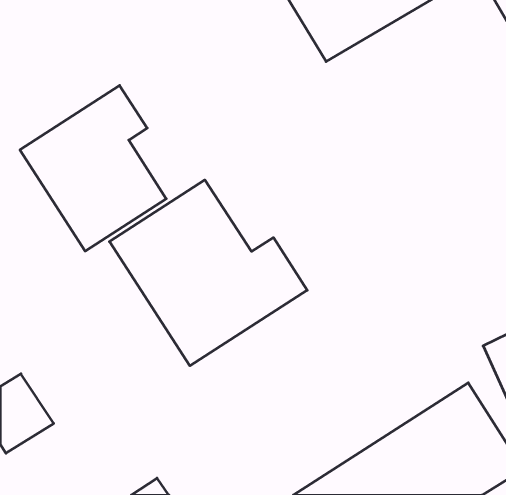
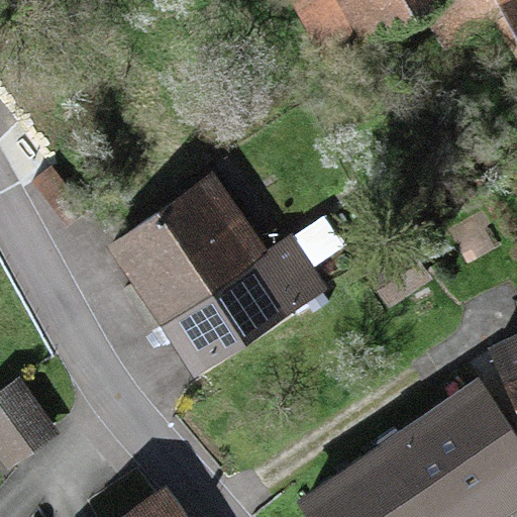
building: [20,85,166,251] -> none

